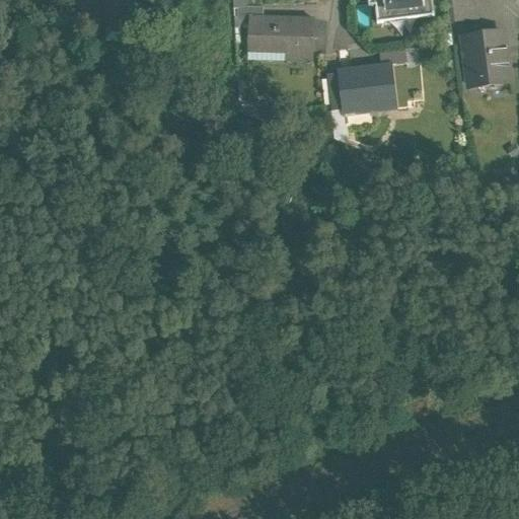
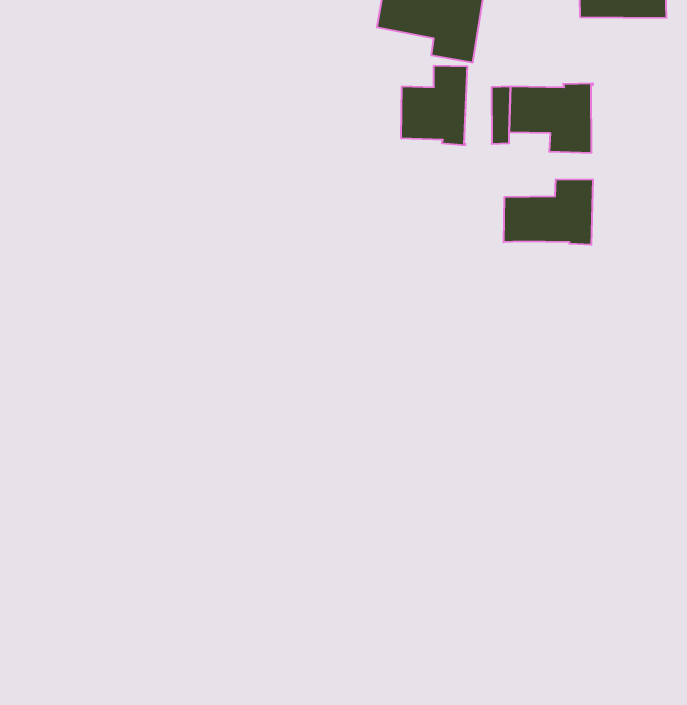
building: none -> [401,66,467,145]
building: none -> [504,179,593,245]

